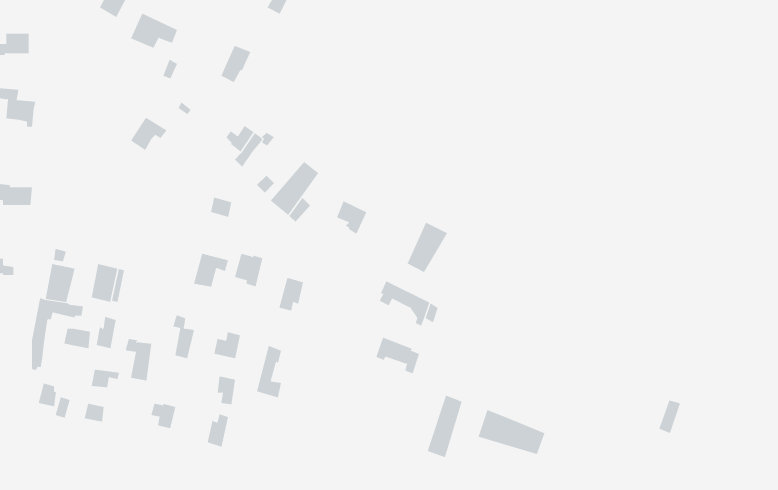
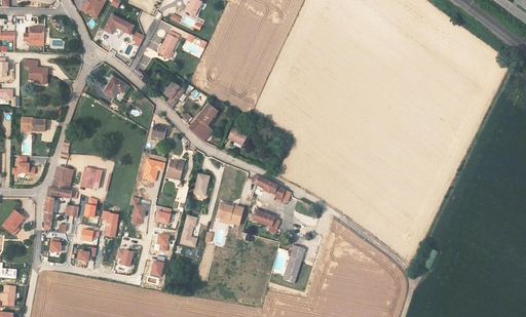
building: [407,222,448,273] -> none
building: none -> [218,202,242,224]
building: [478,409,545,455] -> none

